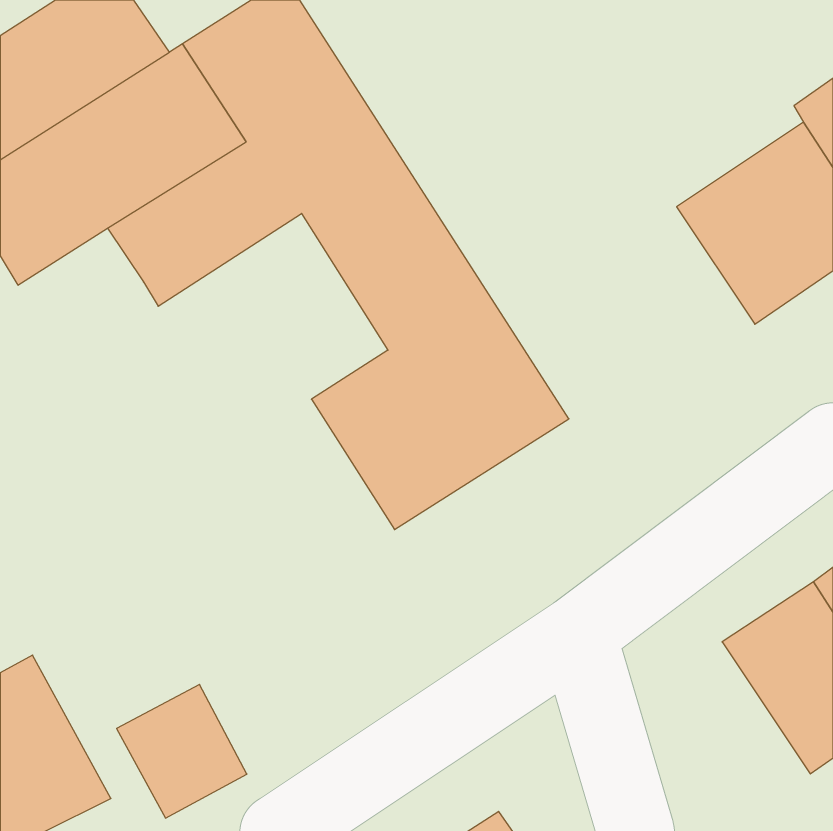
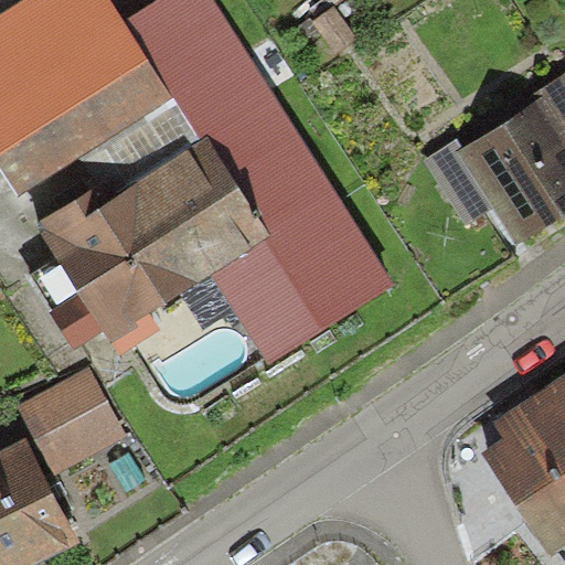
building: none -> [25,146,263,344]
building: [117,684,247,818] -> [30,379,118,469]

